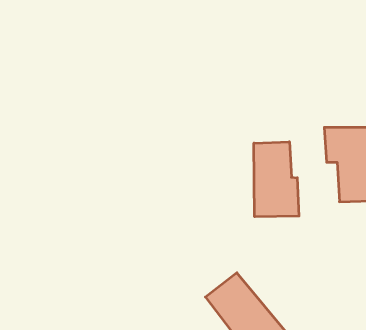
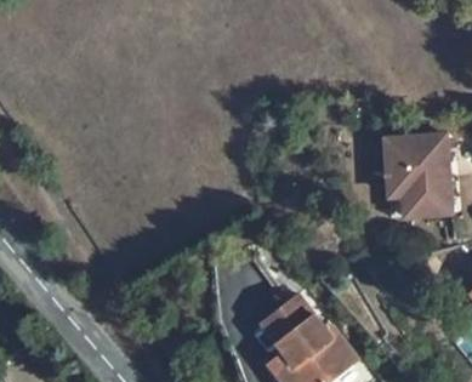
building: [254,142,299,217] -> none

